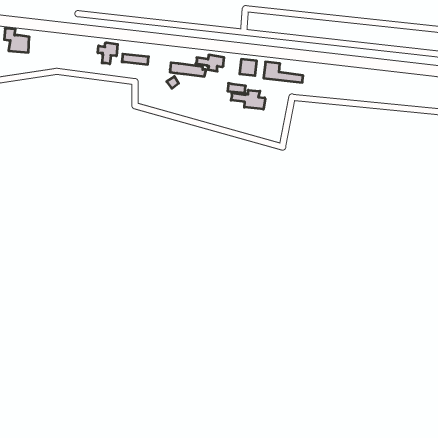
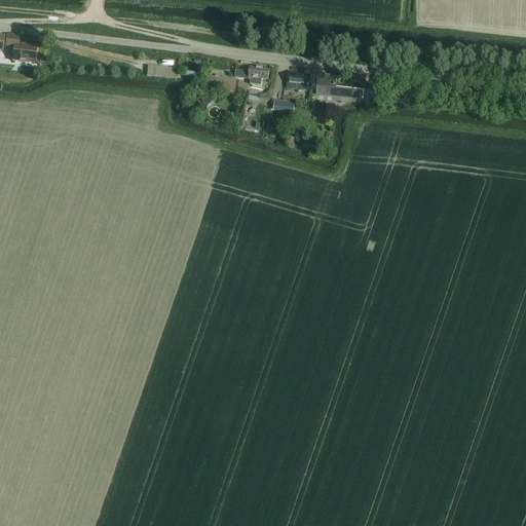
building: [98,43,118,64] -> none
building: [231,90,265,109] -> none

